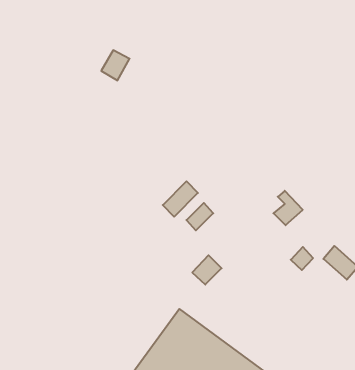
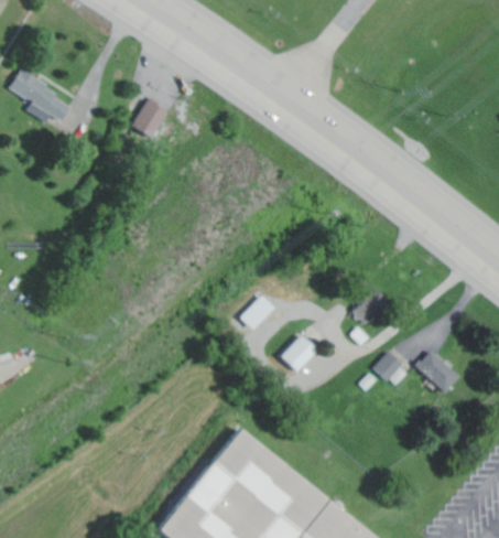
building: none -> [8,72,70,120]
building: [163,181,198,217] -> none
building: [192,255,222,285] -> [280,334,317,372]

